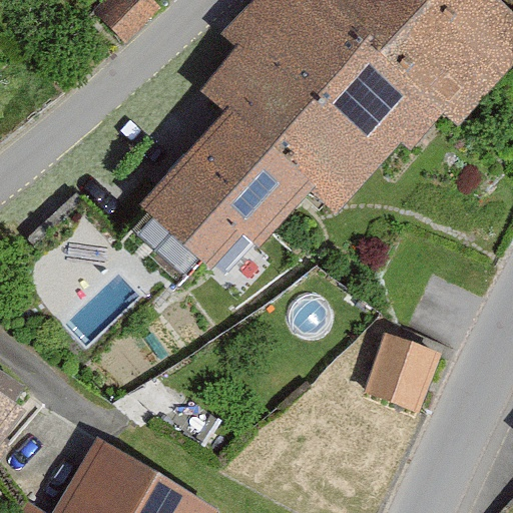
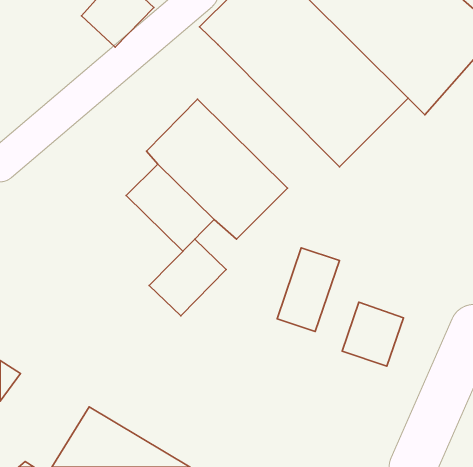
building: [196,48,368,220] -> none
building: none -> [149,239,226,316]
building: none -> [277,248,339,332]

